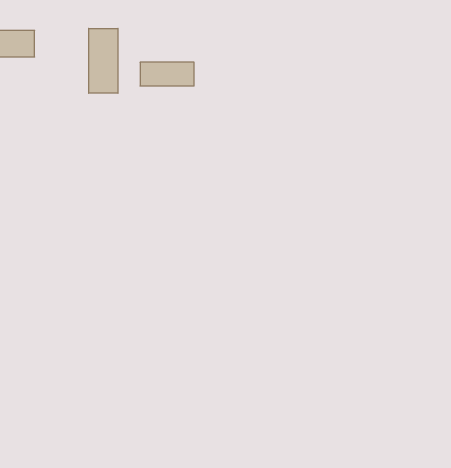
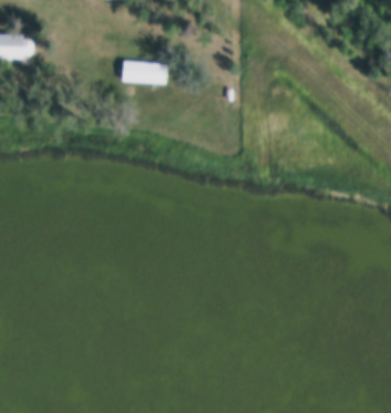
building: [89,28,118,93] -> none

